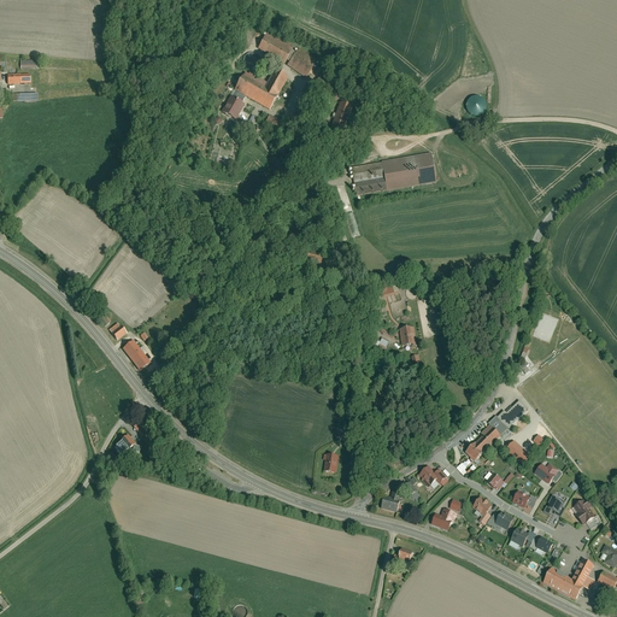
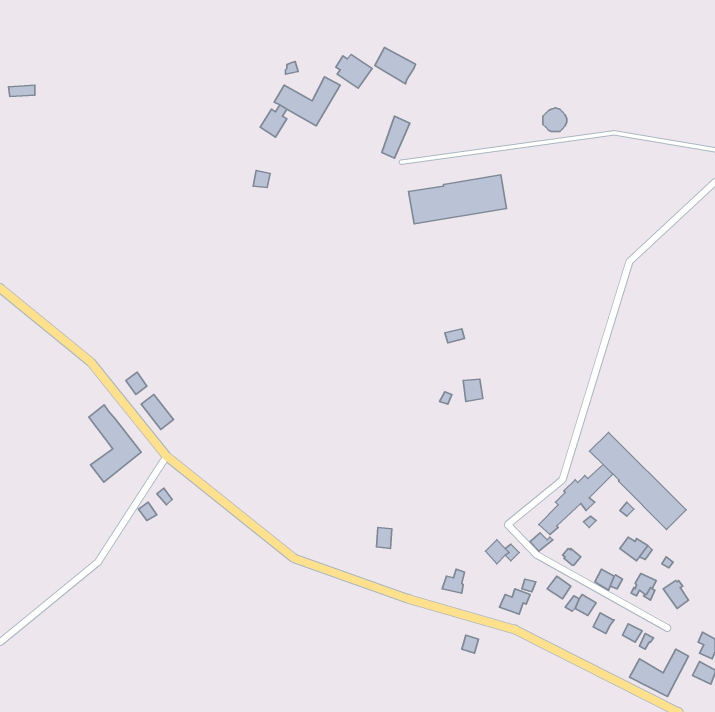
building: [262,30,296,61] -> [375,47,415,84]
building: none -> [89,405,141,482]
building: none -> [590,433,686,529]

